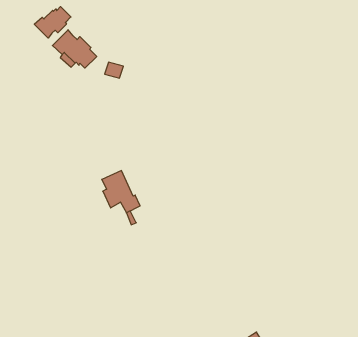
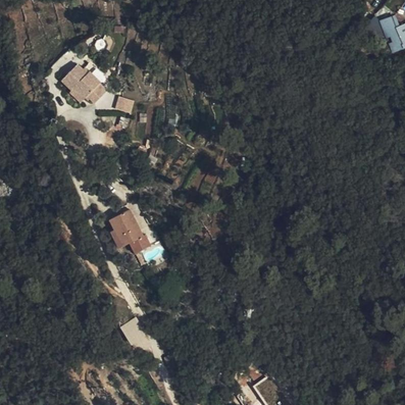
building: [34,7,71,38] -> none

